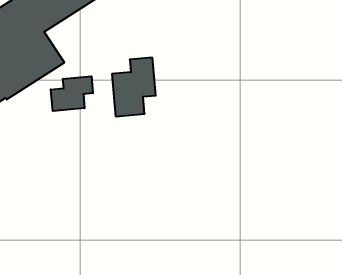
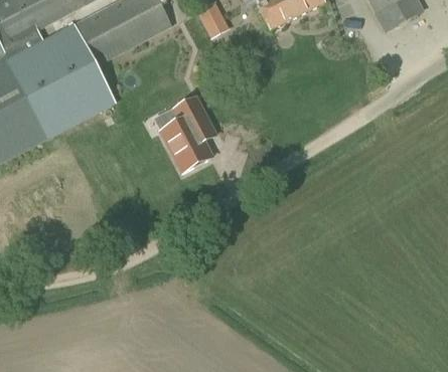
building: [51,76,93,111] -> none

